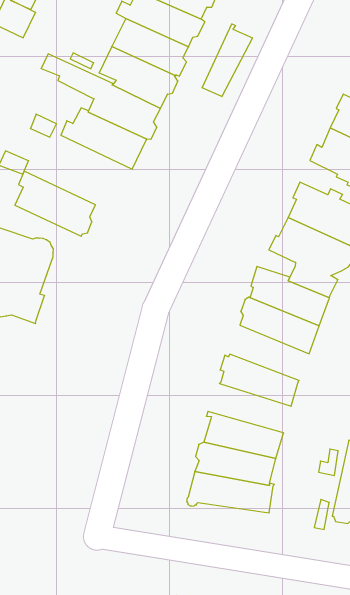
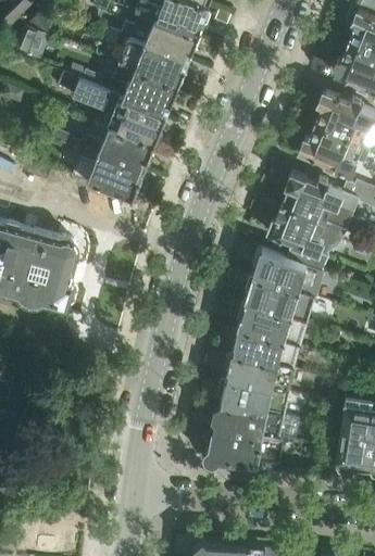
building: [202,24,253,97] -> none
building: [15,171,95,236] -> [72,144,142,199]
building: none -> [236,301,307,348]
building: none -> [221,354,293,394]

